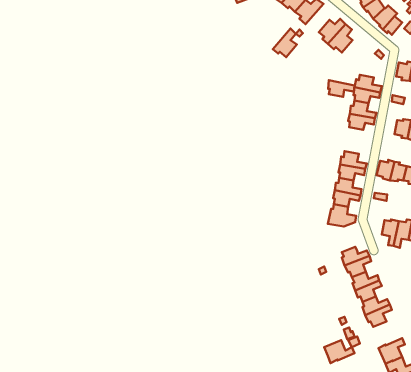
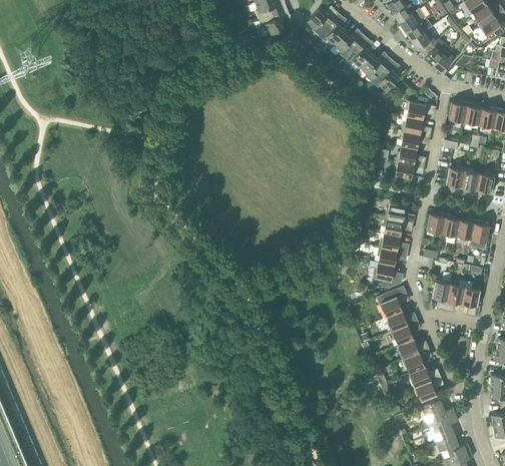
building: [273,29,297,57] -> [346,36,373,68]
building: [328,80,355,97] -> [406,100,436,119]
building: none -> [377,286,409,317]
building: [324,340,354,363] -> [421,399,455,425]

